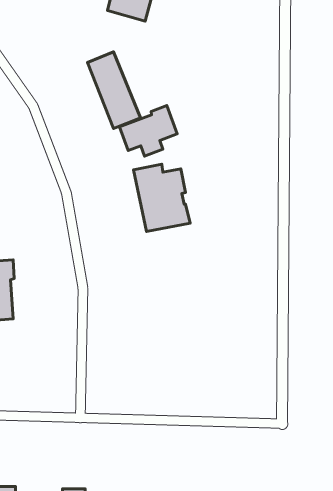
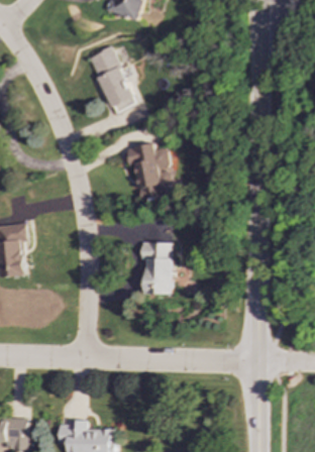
building: [120,106,177,156] -> none
building: none -> [141,242,172,295]

